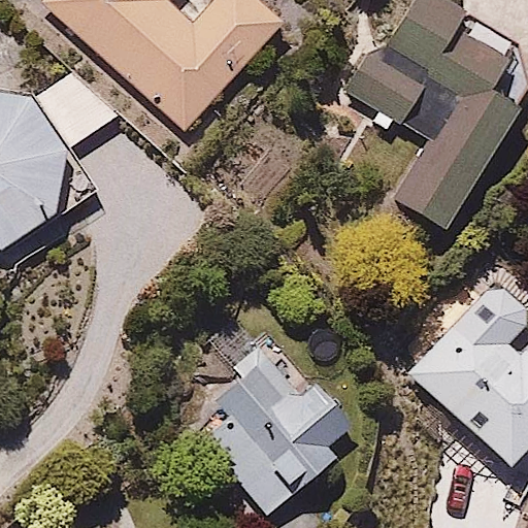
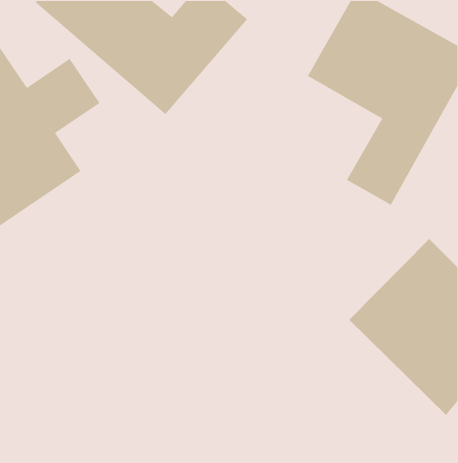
building: [204,343,340,516] -> none

